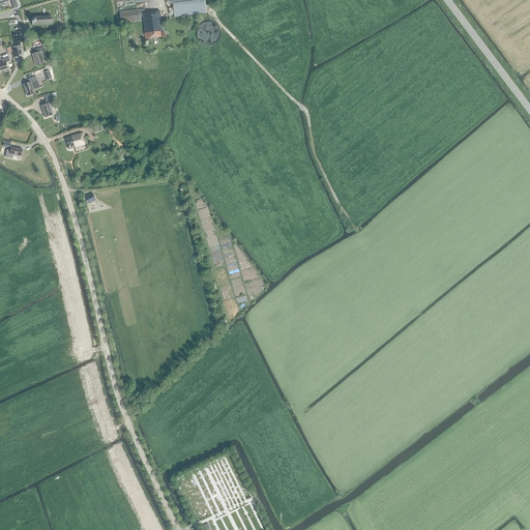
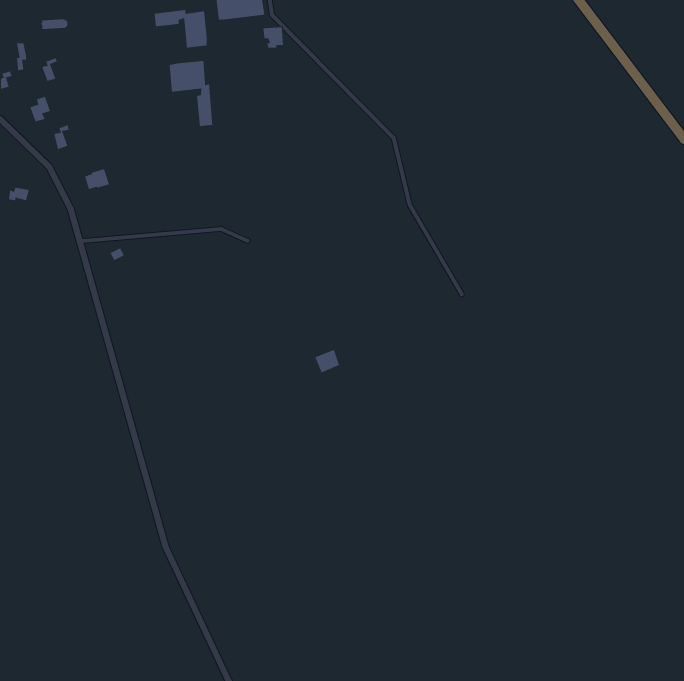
building: none -> [169,60,213,127]

